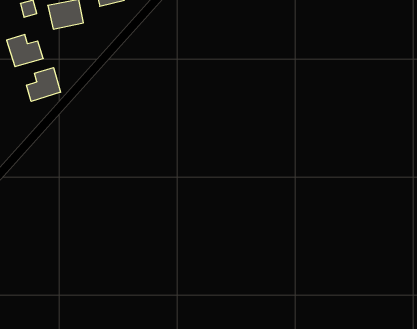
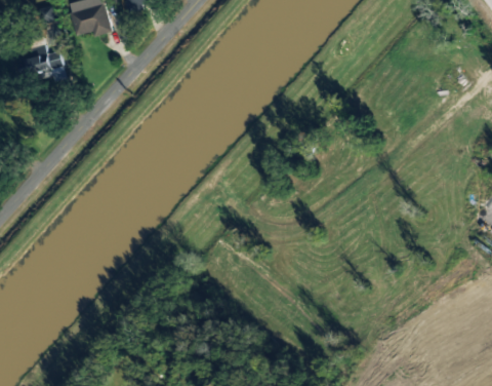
building: [27,68,61,101] -> none

